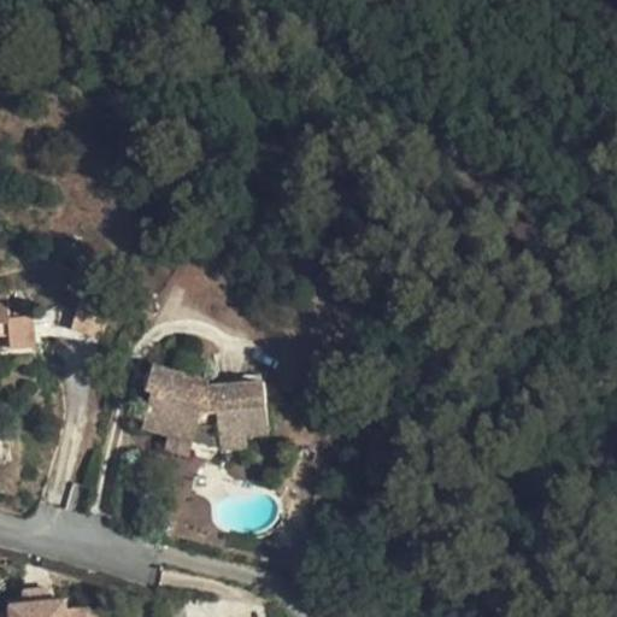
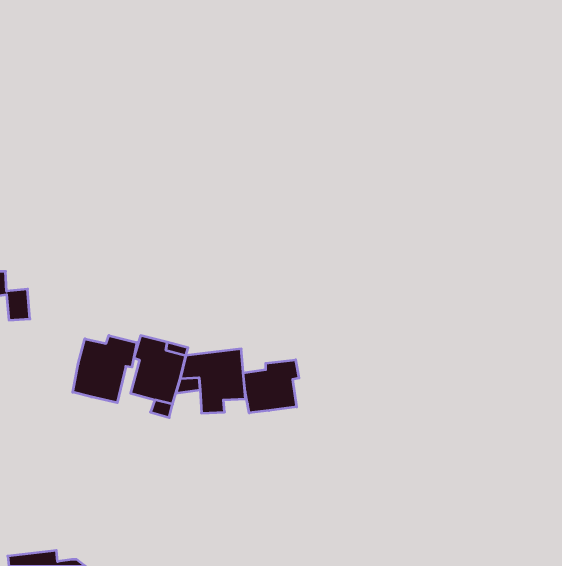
building: none -> [73,335,137,403]
building: none -> [243,360,299,413]

